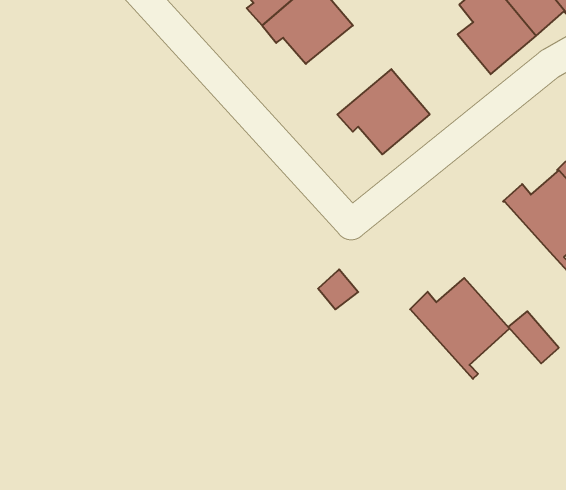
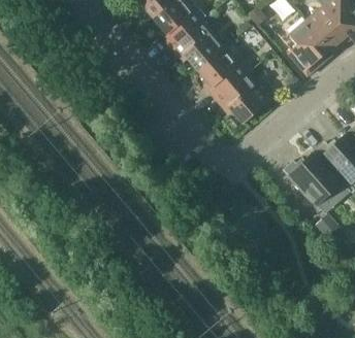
building: none -> [197,46,248,99]
building: [410,278,509,379] -> [283,150,342,210]

